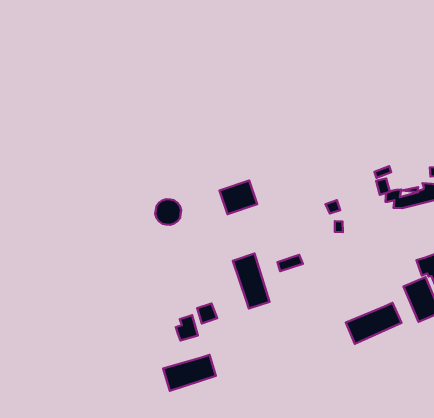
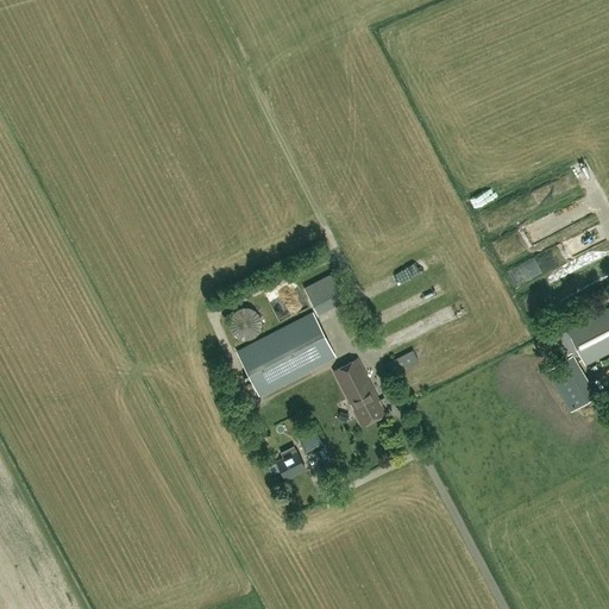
building: none -> [237,314,335,396]
building: [346,303,401,344] -> none
building: [163,355,216,391] -> none

